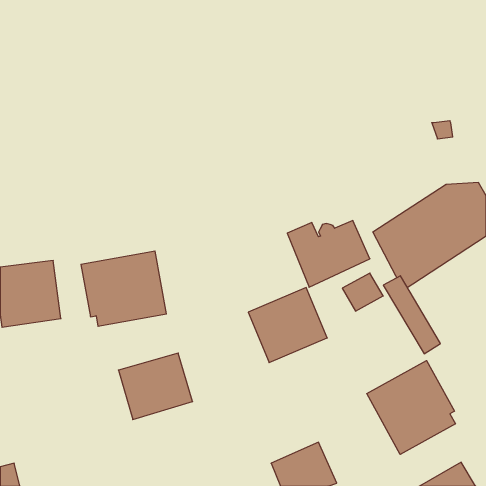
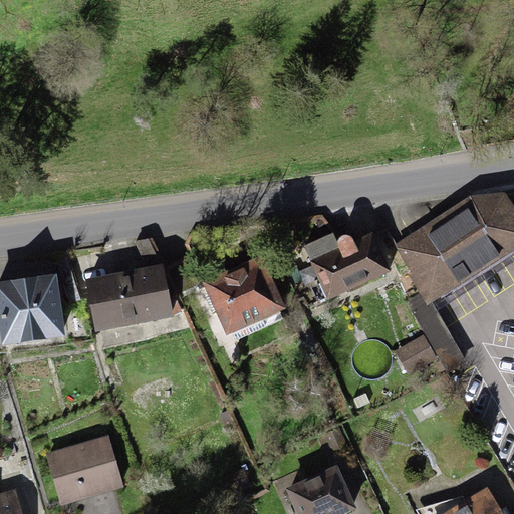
building: [342,273,383,311] -> [394,335,437,375]
building: [248,288,327,363] -> [203,258,286,337]
building: [118,353,193,420] -> [45,436,123,506]
building: [367,361,455,454] -> none

